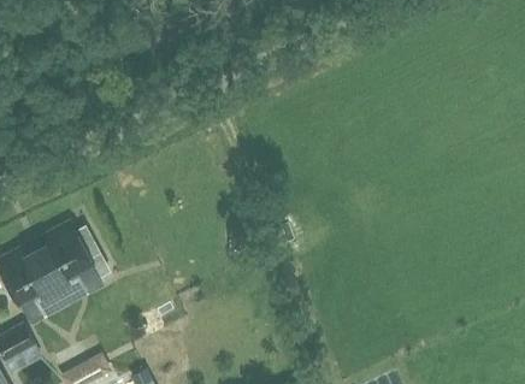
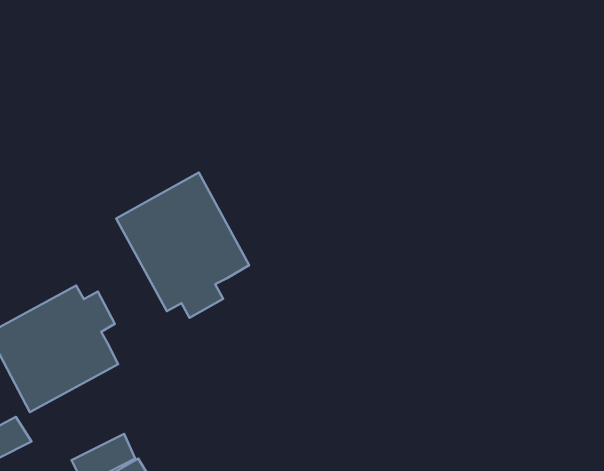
building: none -> [116,172,249,318]

